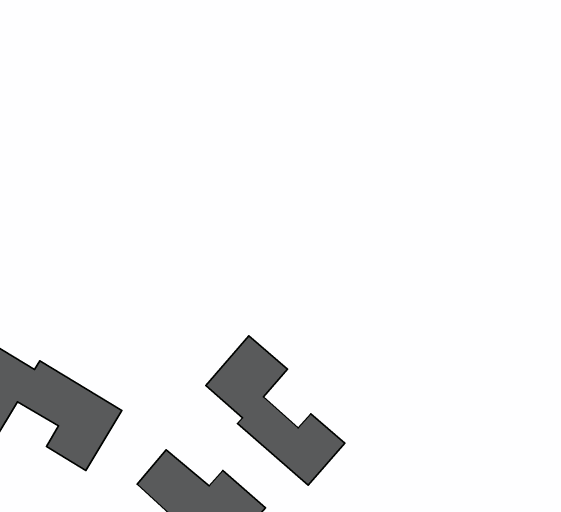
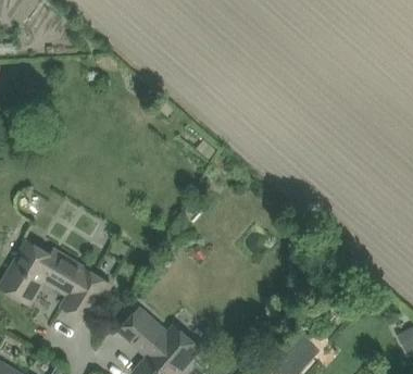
building: [206,336,345,485] -> none

